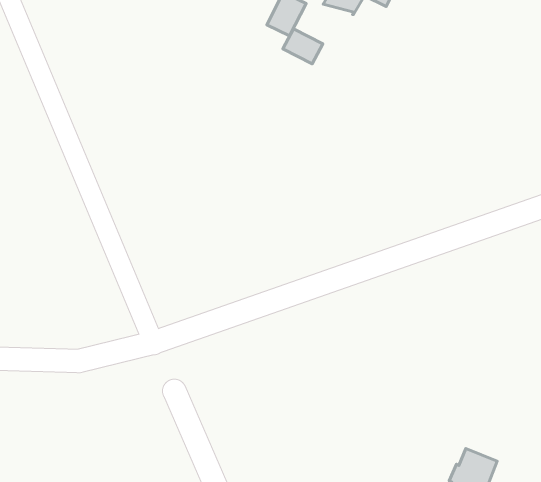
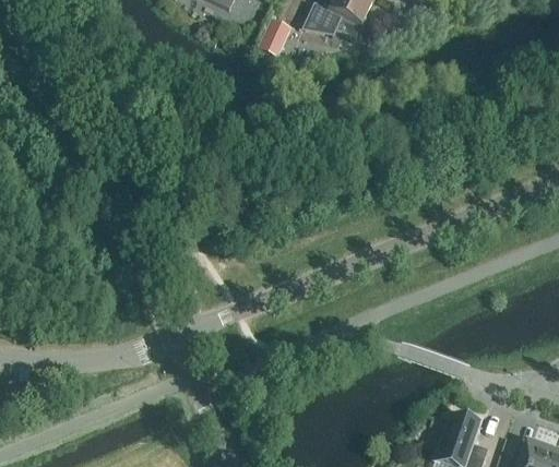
building: [283,29,323,64] -> none

